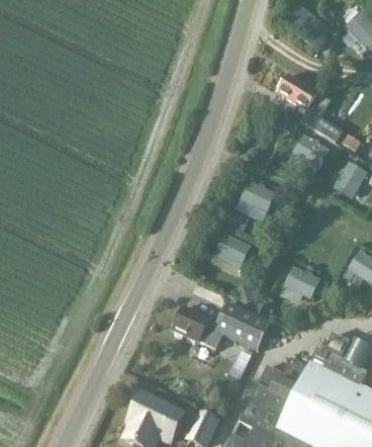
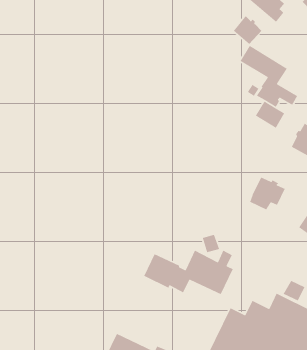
building: none -> [233,15,262,45]
building: [241,181,275,211] -> none
building: [216,234,250,264] -> none
building: [280,266,320,303] -> [249,177,286,210]

